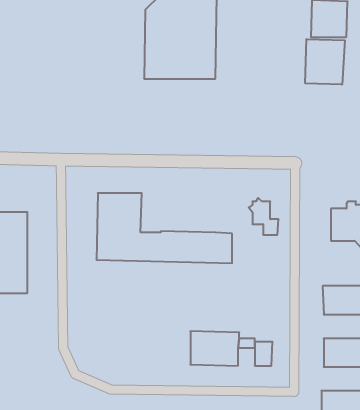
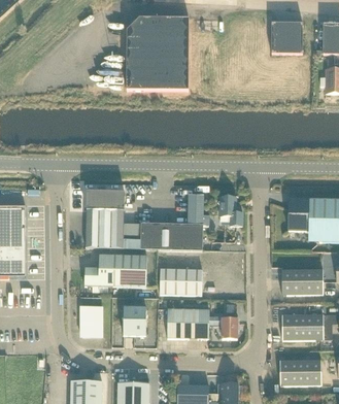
building: [305,39,345,85] -> none
building: none -> [188,193,203,224]
building: none -> [83,254,146,287]
building: none -> [159,268,201,295]
building: none -> [81,306,100,335]
building: none -> [123,306,145,336]

